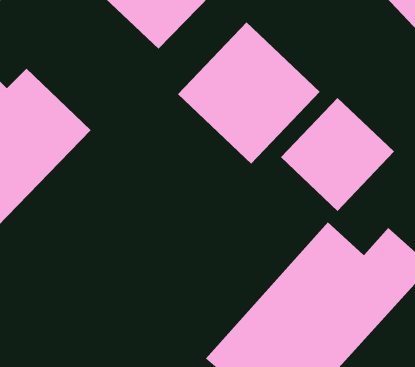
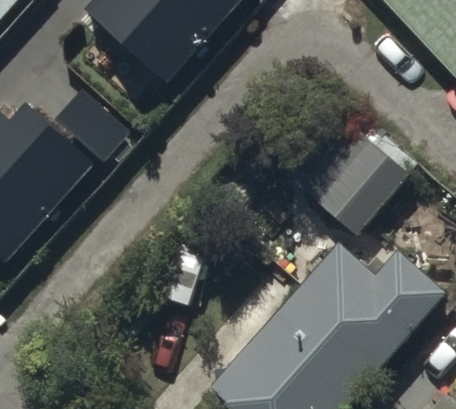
building: [177,21,321,165] -> none

